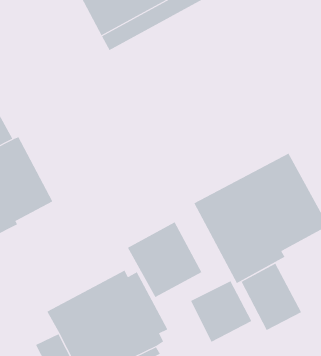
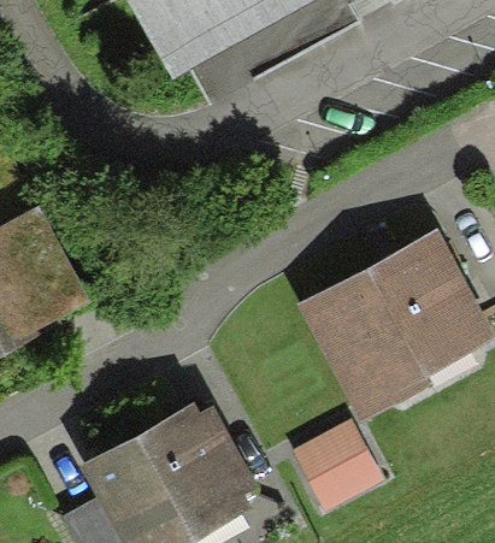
building: [127,221,202,298] -> none
building: [241,263,302,331] -> none

